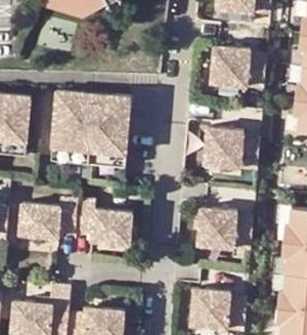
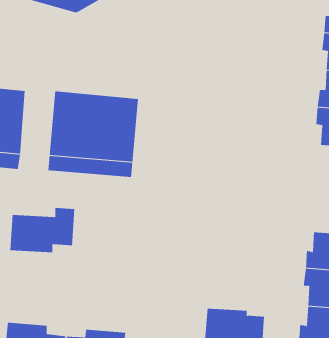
building: [210,41,263,82] -> none
building: [203,122,257,164] -> none
building: [75,196,131,239] -> none
building: [196,204,251,245] -> none

